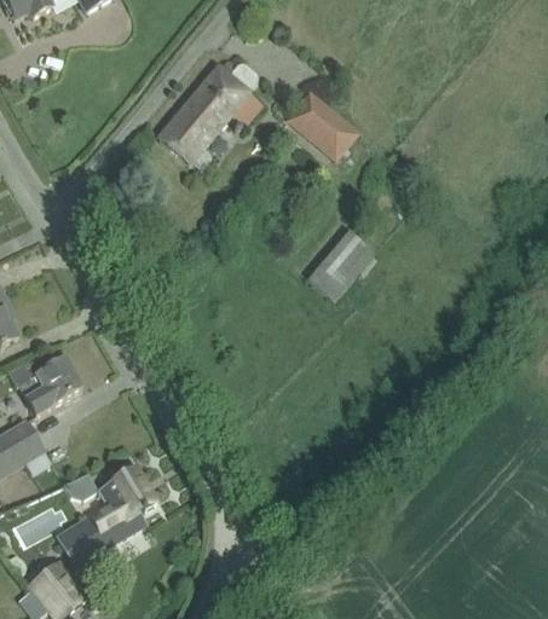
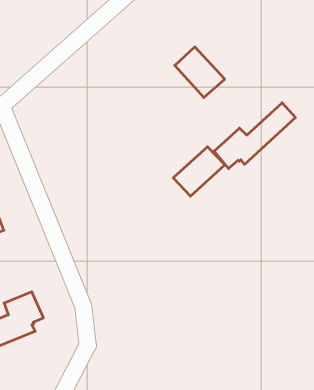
building: [157,62,260,166] -> none
building: none -> [214,103,295,169]

